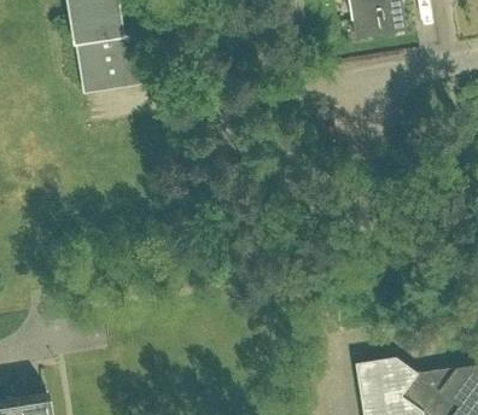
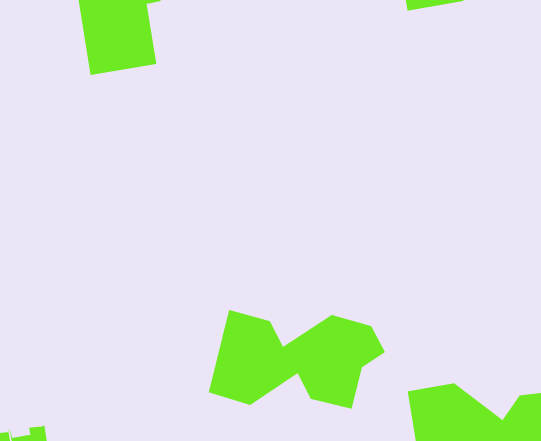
building: none -> [208,309,386,409]

